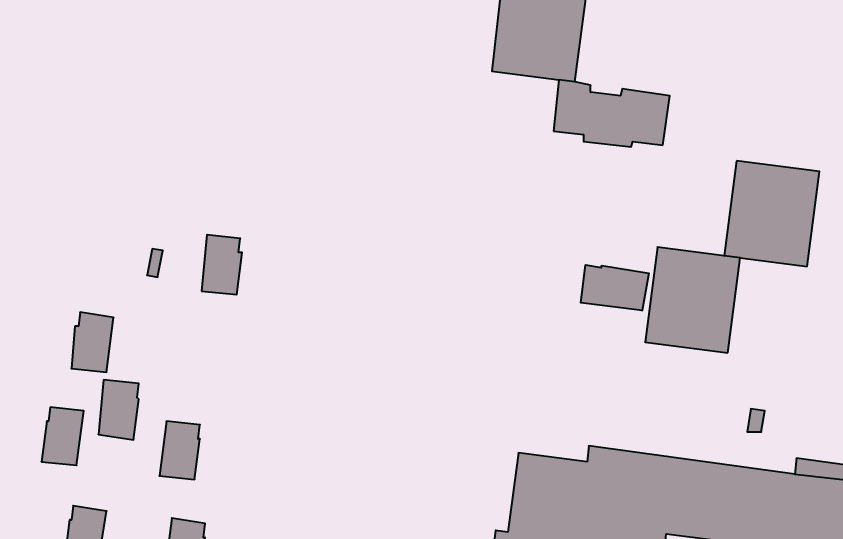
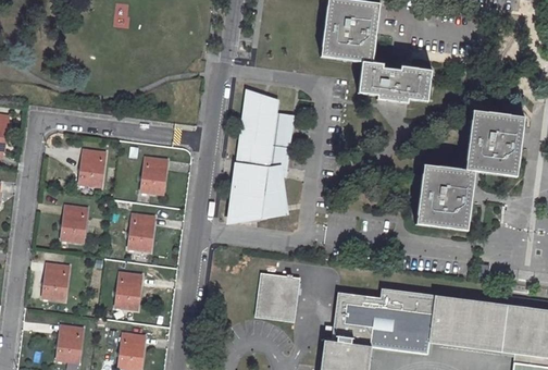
building: none -> [231,92,290,219]
building: none -> [78,149,104,186]
building: [581,265,649,311] -> none
building: [98,380,139,440] -> [128,213,153,250]
building: none -> [254,272,299,321]

